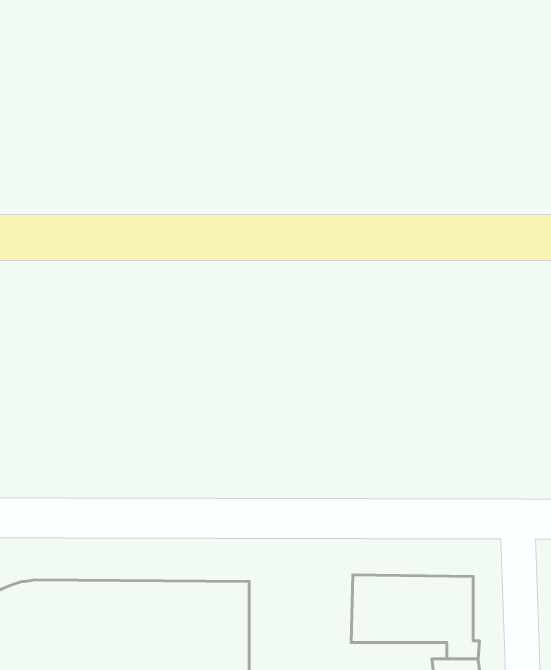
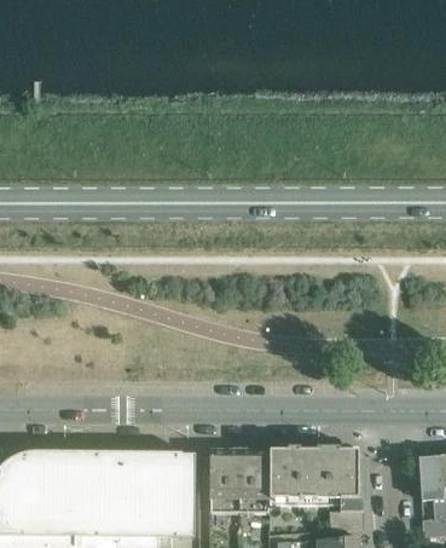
building: none -> [209,448,271,513]

